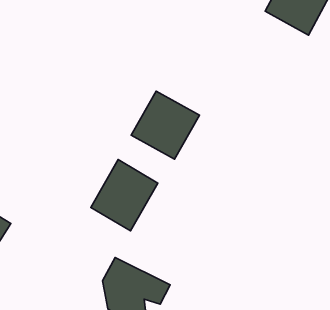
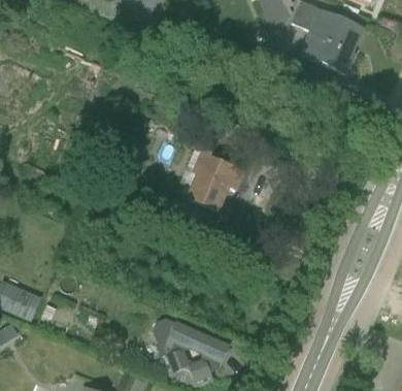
building: [91,160,158,231] -> none

